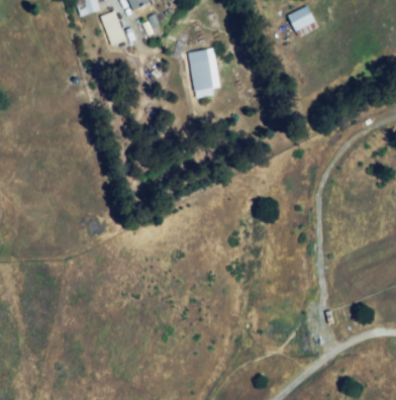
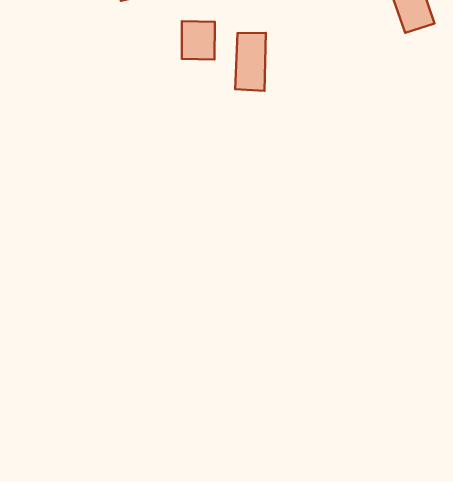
building: none -> [182,21,215,59]

